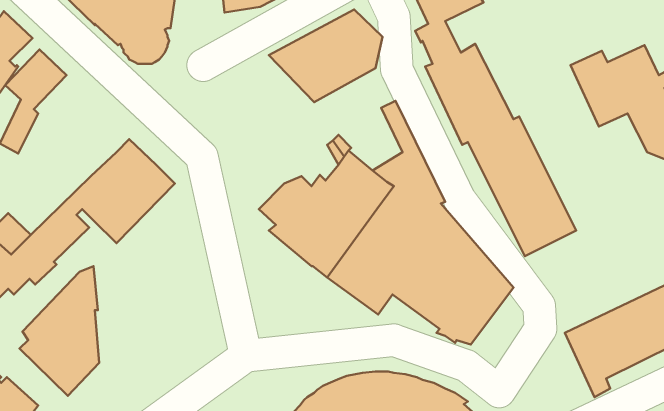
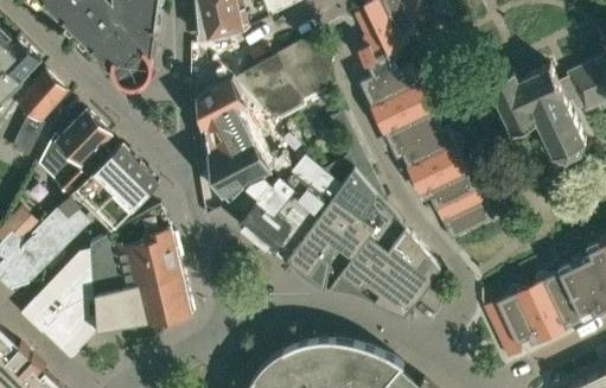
building: none -> [194,81,278,203]
building: none -> [37,114,109,197]
building: none -> [90,208,191,332]

